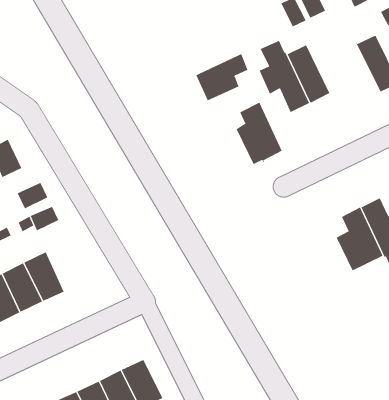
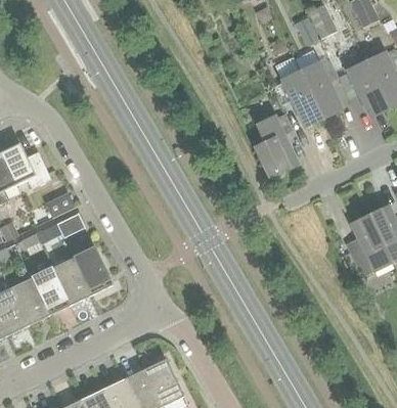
building: none -> [347,62,389,117]
building: [193,53,248,101] -> none
building: none -> [73,247,113,296]

